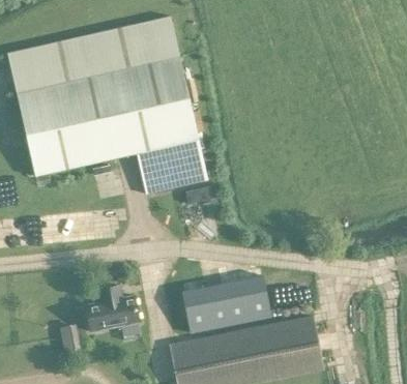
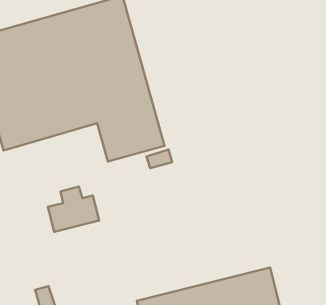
building: [182,274,272,330] -> none
building: [84,285,138,331] -> [48,187,99,232]

